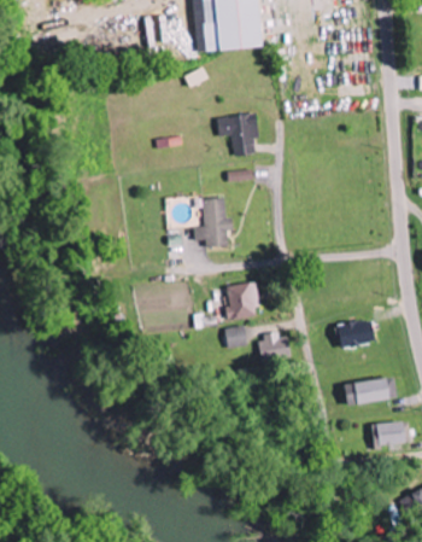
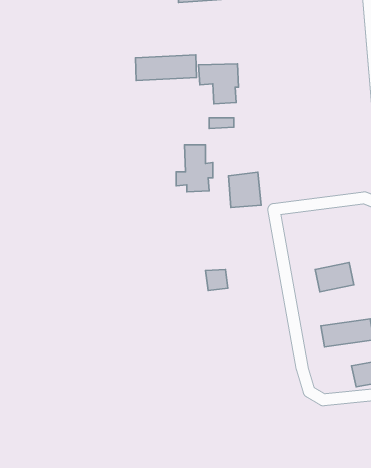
building: none -> [136,55,196,81]
building: [224,282,258,319] -> [228,172,261,207]
building: [258,333,289,362] -> none

